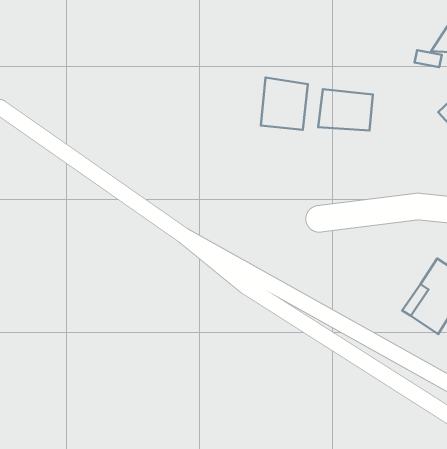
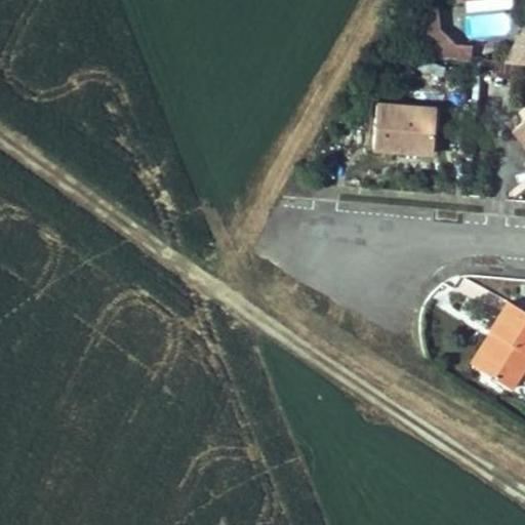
building: [261,77,308,130] -> none

